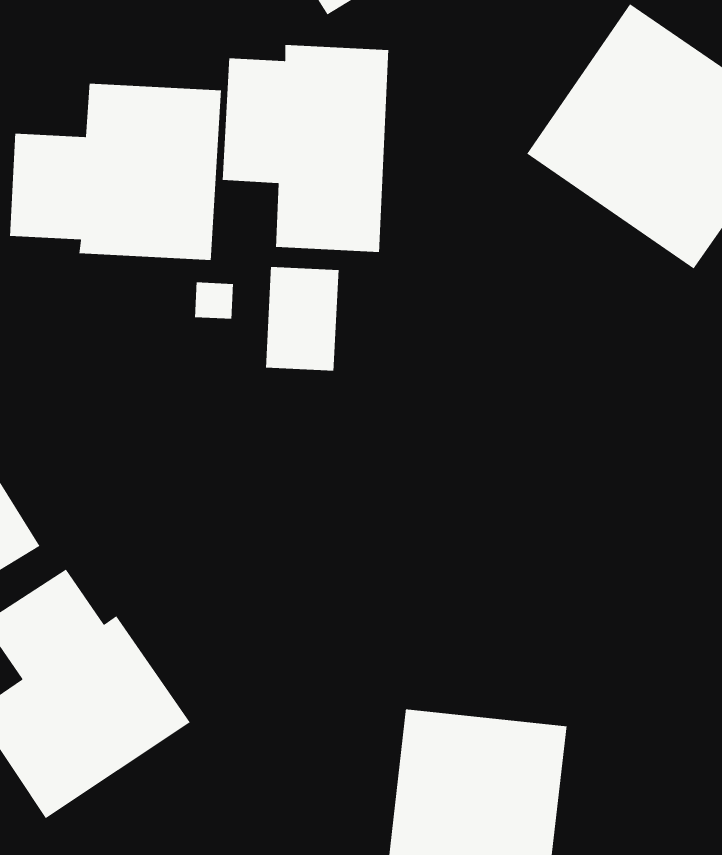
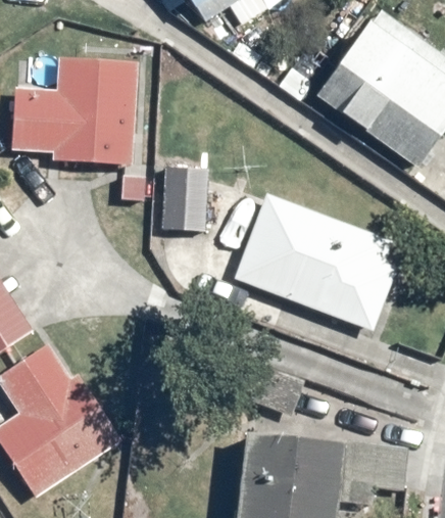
building: [222,44,389,253] -> none
building: none -> [234,194,396,332]

